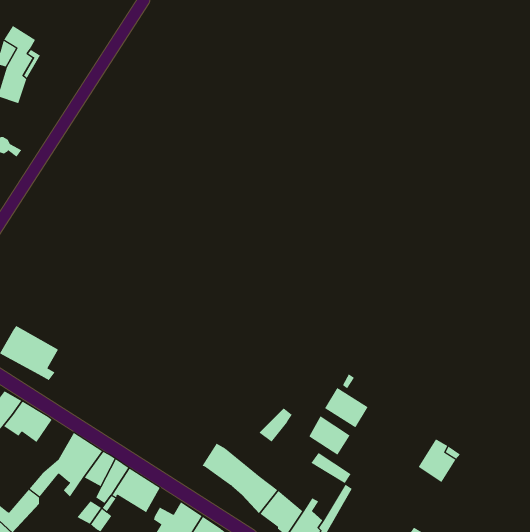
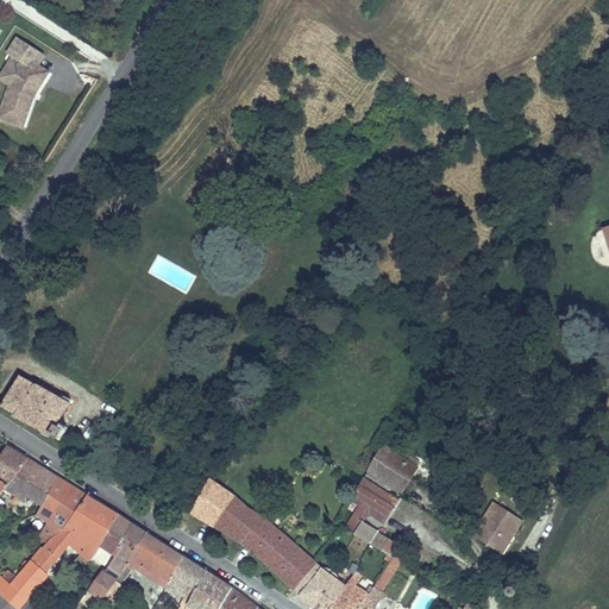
building: [259,408,293,443] -> none
building: none -> [36,481,83,544]
building: none -> [188,483,245,533]
building: none -> [167,558,205,590]

